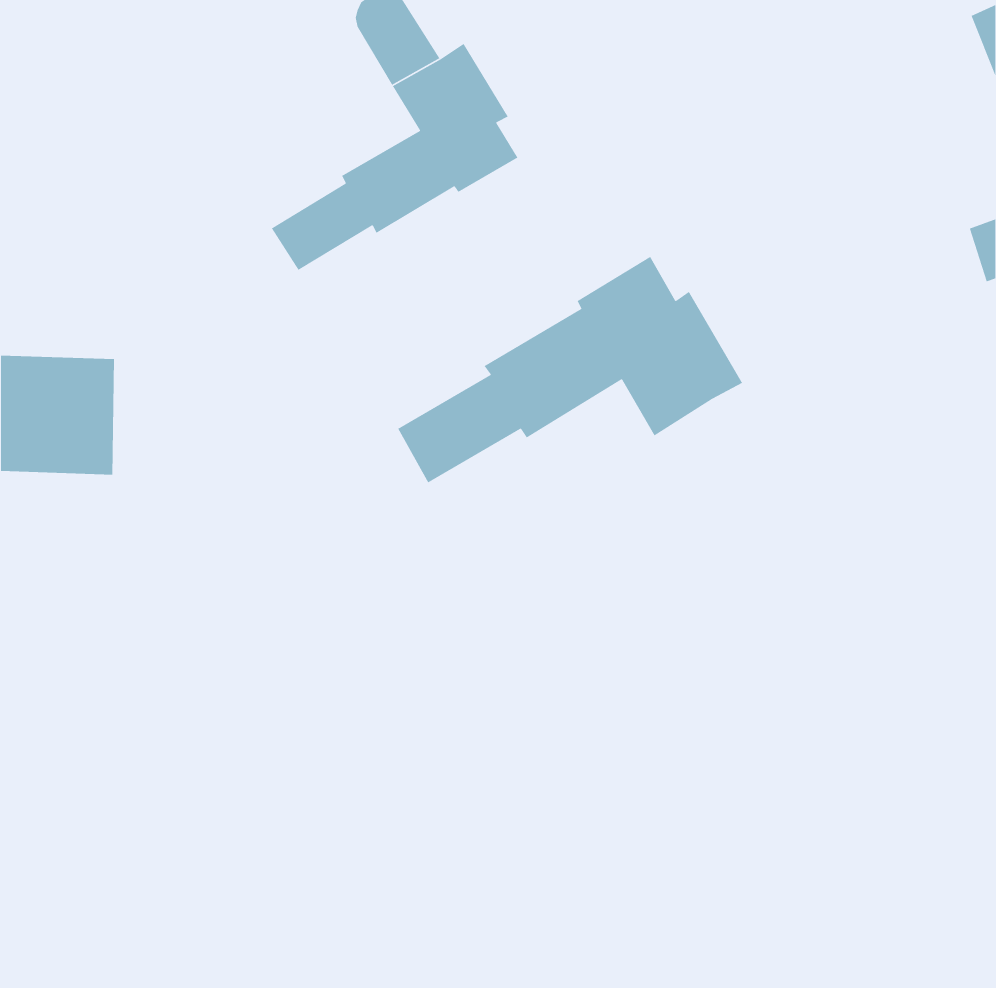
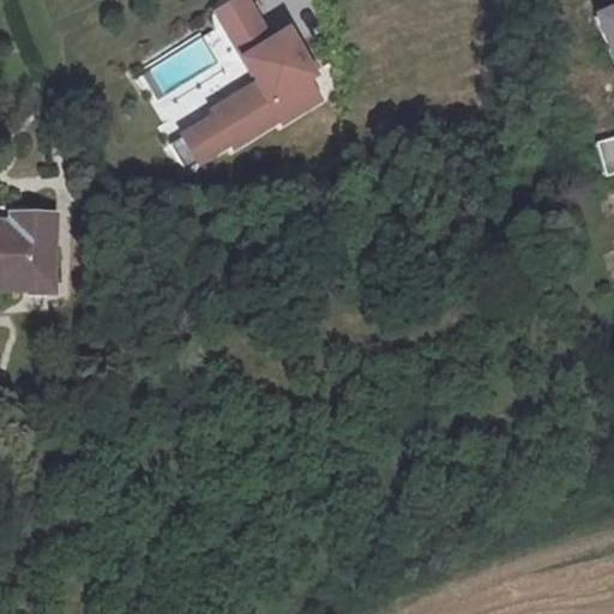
building: [397,256,743,484] -> none

